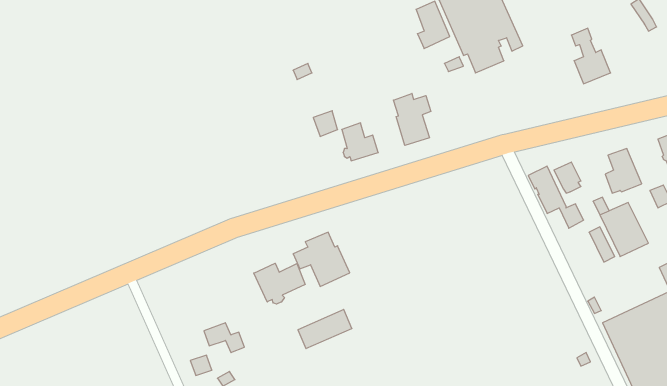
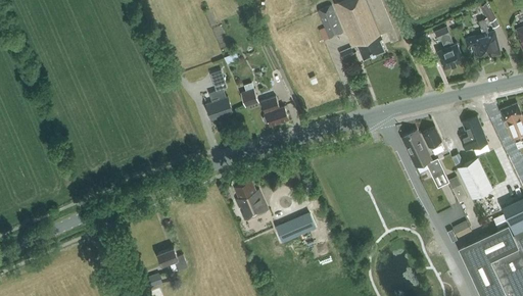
building: none -> [467,17,500,54]
building: [393,93,431,145] -> none
building: none -> [206,77,233,119]
building: [254,263,305,304] -> none
building: [298,309,352,349] -> [276,212,317,242]

